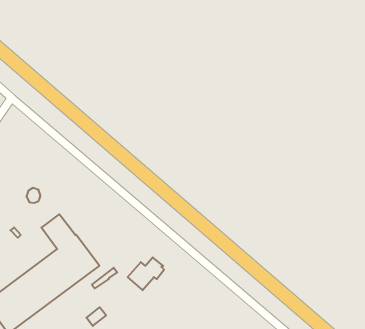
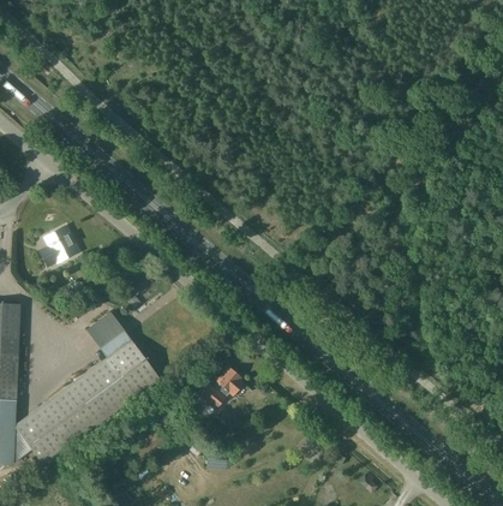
building: none -> [41,227,79,266]

